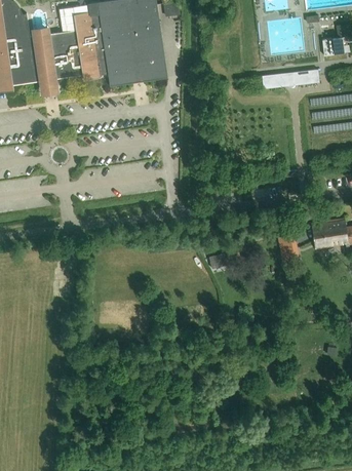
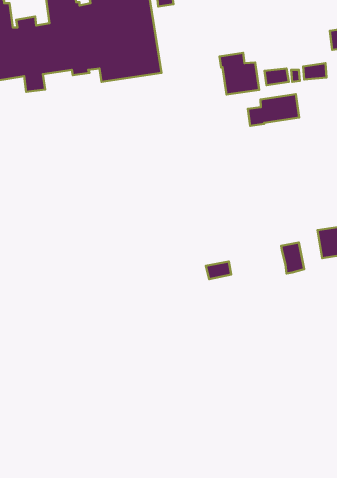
building: none -> [219,53,259,95]
building: none -> [248,94,299,126]

